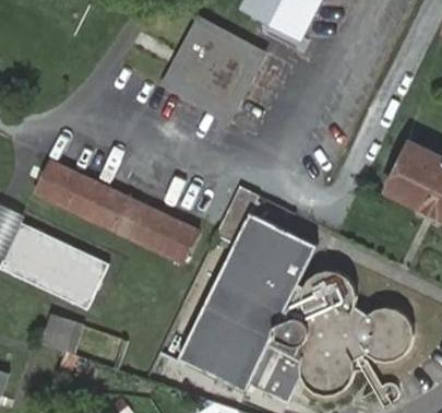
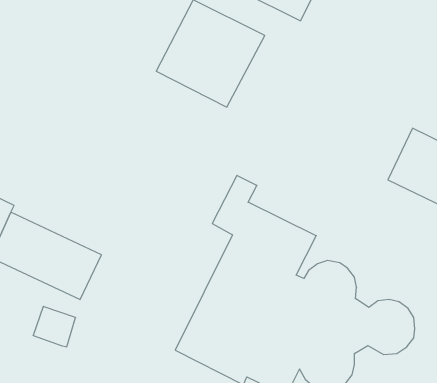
building: [34,161,198,263] -> none

